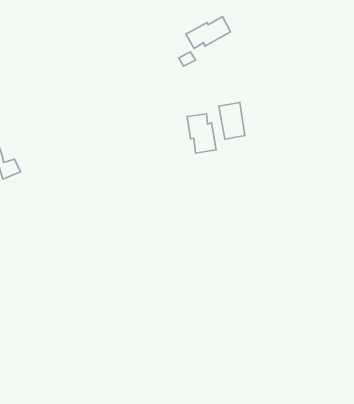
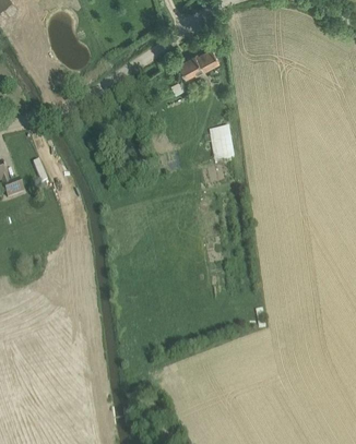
building: [187,114,216,153] -> none

